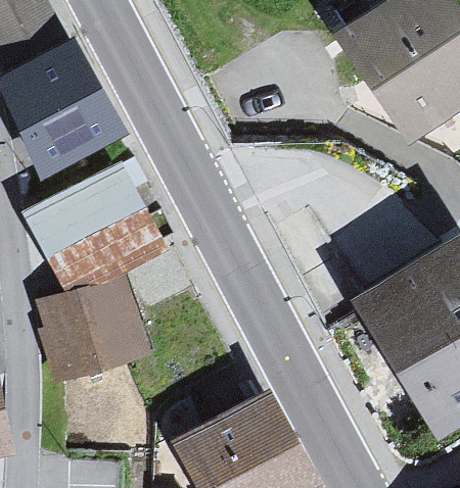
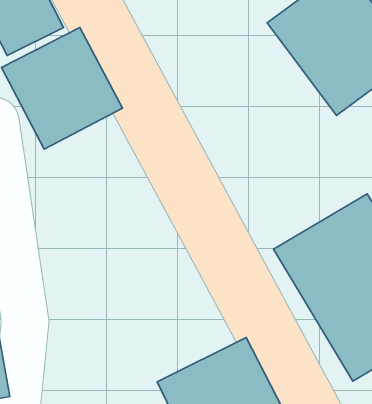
building: [33,162,174,292] -> none
building: [35,283,154,386] -> none

